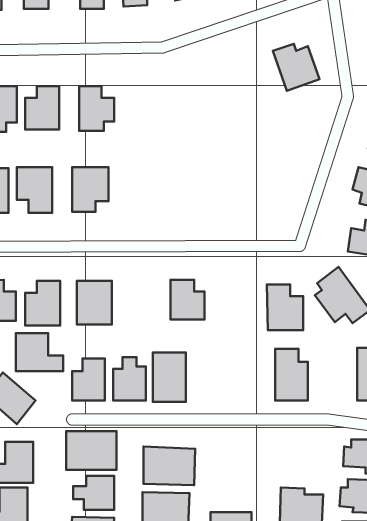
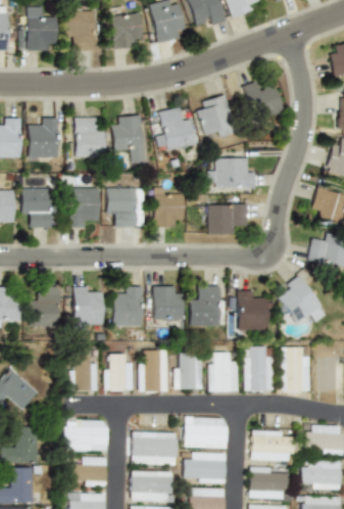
building: none -> [198,95,234,137]
building: none -> [156,107,198,151]
building: none -> [112,114,145,161]
building: none -> [209,157,256,188]
building: none -> [107,188,144,227]
building: none -> [155,189,185,227]
building: none -> [209,204,248,234]
building: none -> [112,286,143,326]
building: none -> [191,286,220,326]
building: [16,333,63,371] -> none
building: none -> [282,348,310,392]
building: none -> [176,353,203,389]
building: none -> [209,353,239,392]
building: none -> [184,417,227,449]
building: none -> [251,430,293,461]
building: none -> [184,453,226,483]

